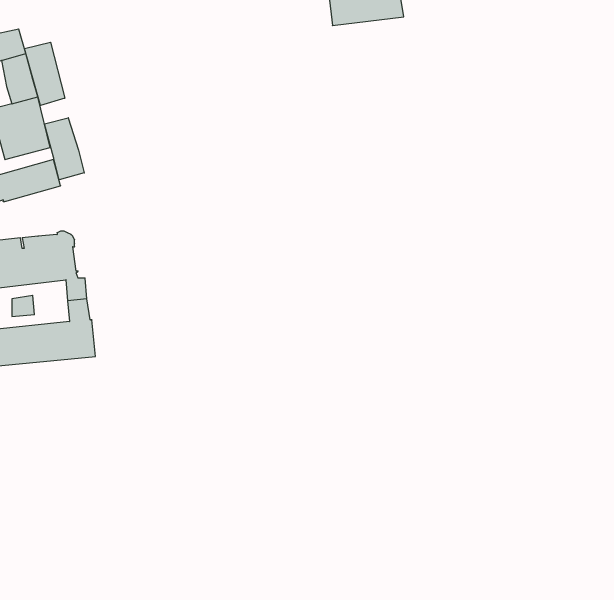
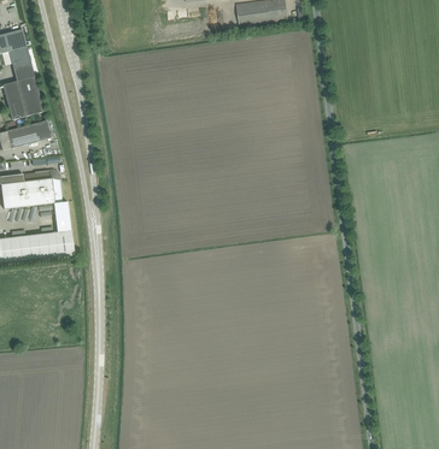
building: [24,42,65,105] -> none
building: [44,118,84,180] -> none

